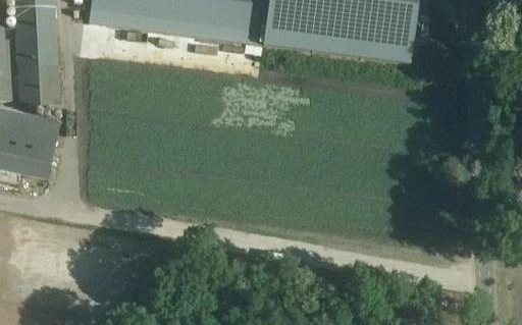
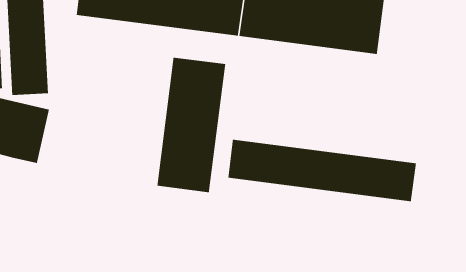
building: none -> [156,57,226,193]
building: none -> [228,139,417,202]

